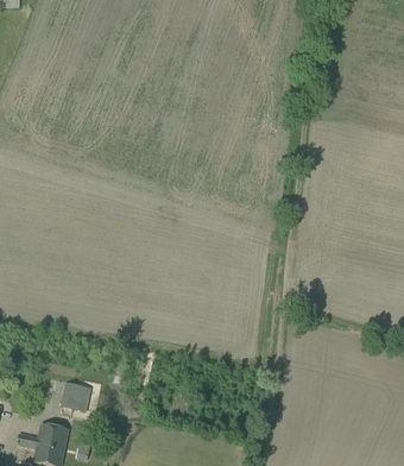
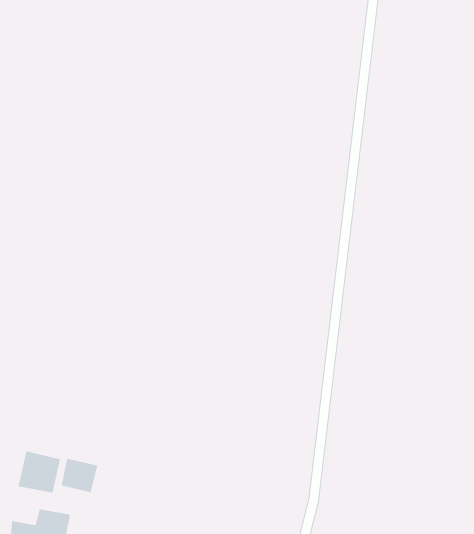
building: none -> [18,451,60,494]

